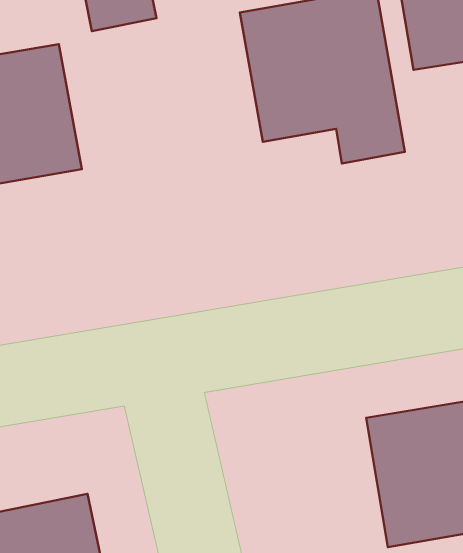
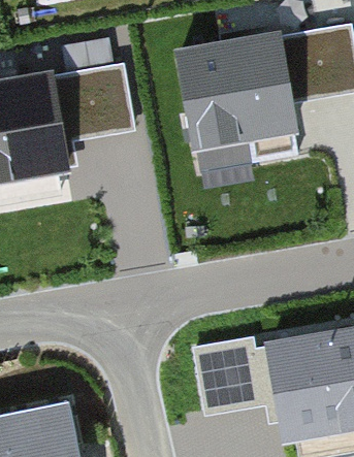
building: none -> [67,65,134,135]
building: none -> [195,338,264,410]

